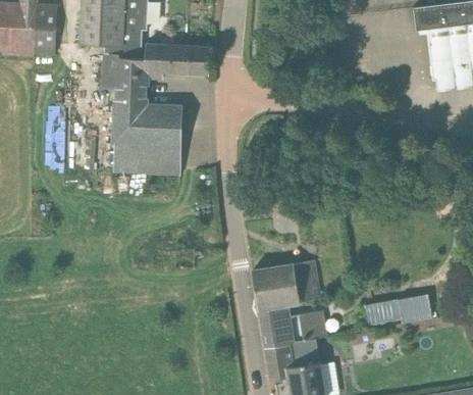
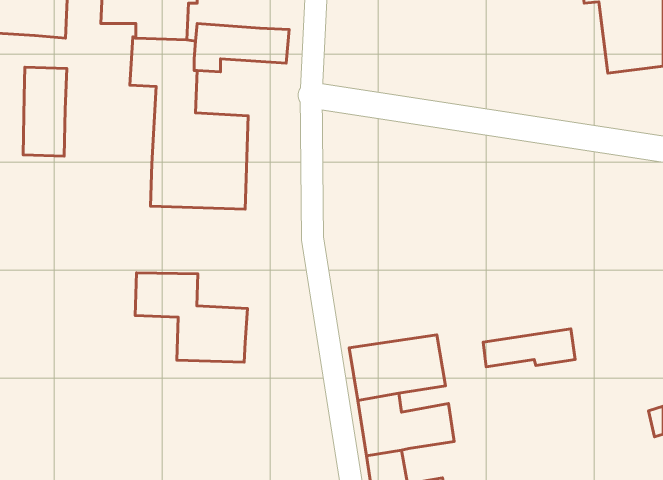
building: none -> [23,67,67,156]
building: none -> [135,273,248,362]
building: [366,297,430,324] -> [483,329,575,367]

